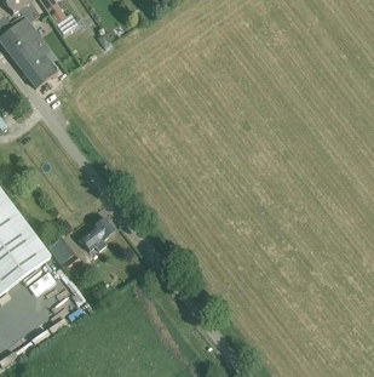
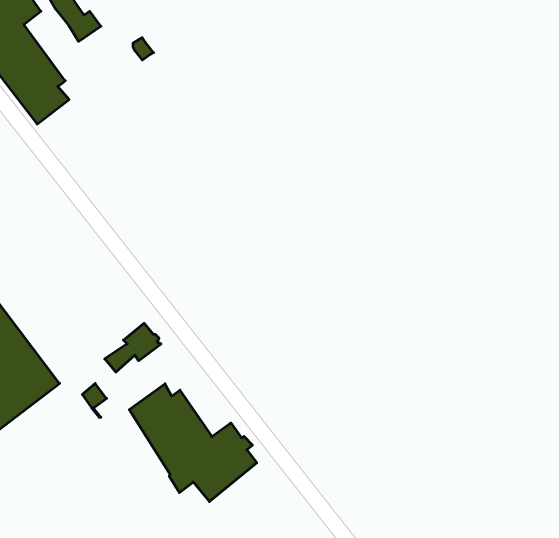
building: none -> [129,384,257,502]

